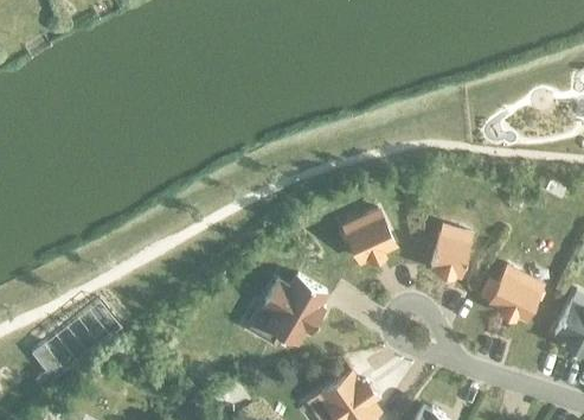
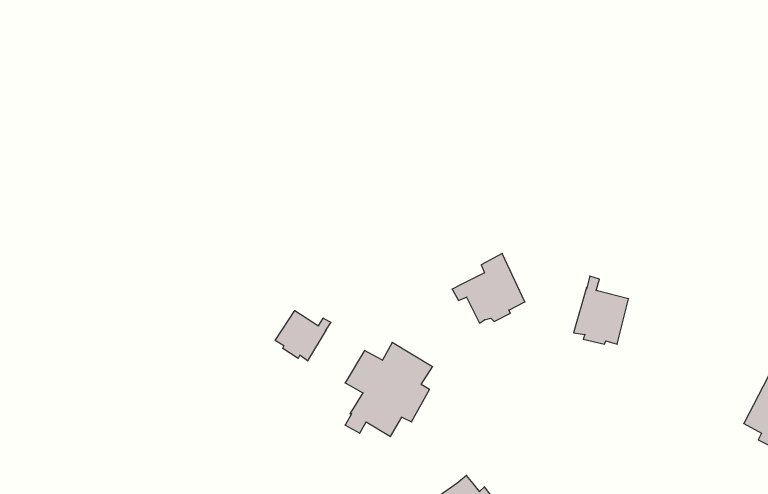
building: none -> [275,311,331,361]
building: [481,267,545,318] -> none

